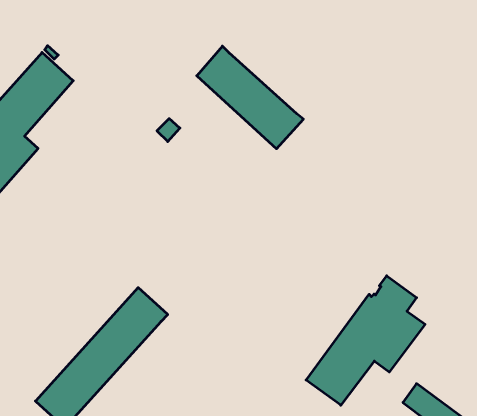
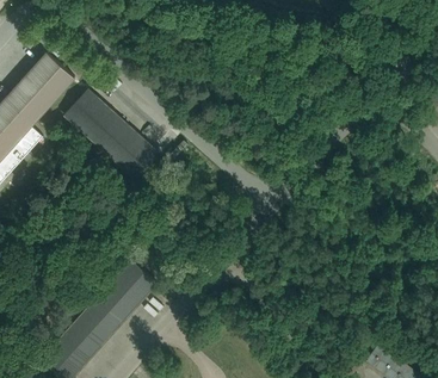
building: [197,46,303,149] -> [64,88,159,179]
building: [306,276,425,405] -> none

